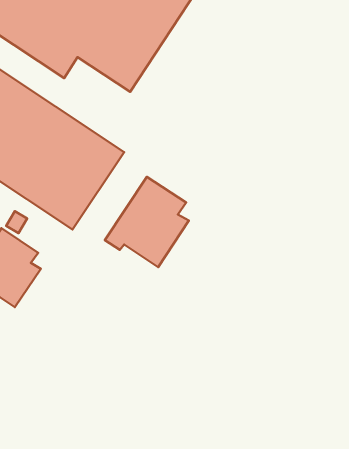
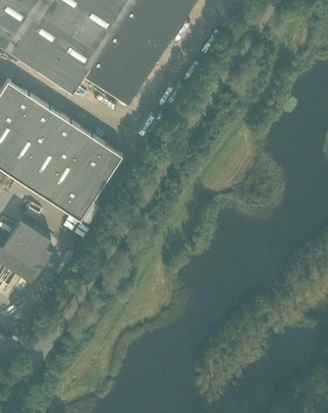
building: [105,177,189,267] -> none

